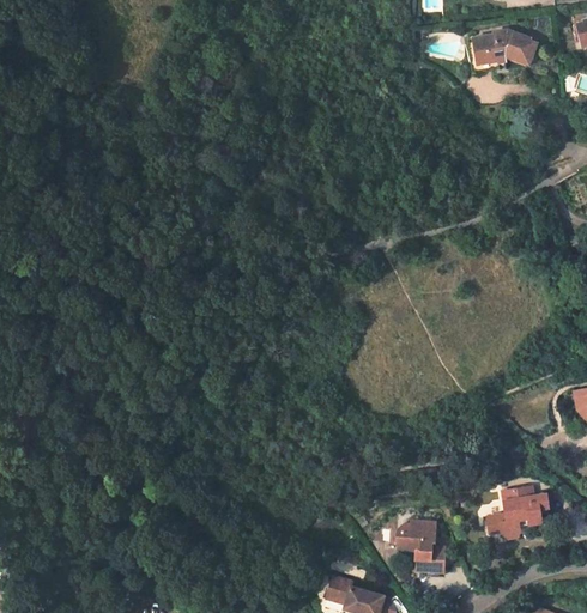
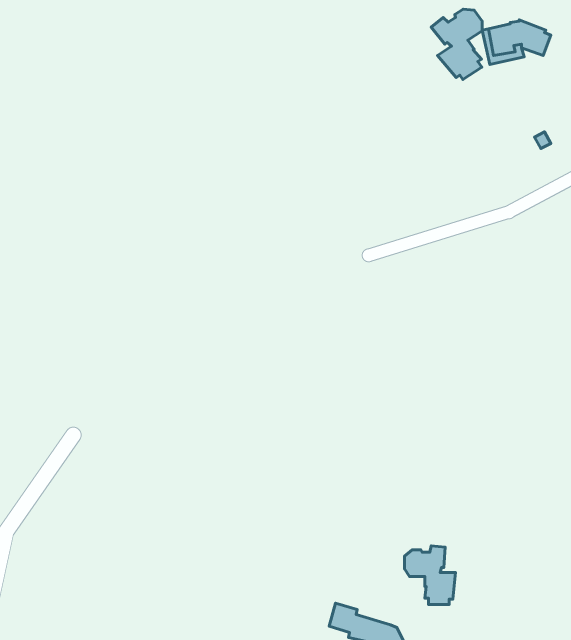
building: none -> [431,9,482,79]
building: [486,487,547,538] -> none

